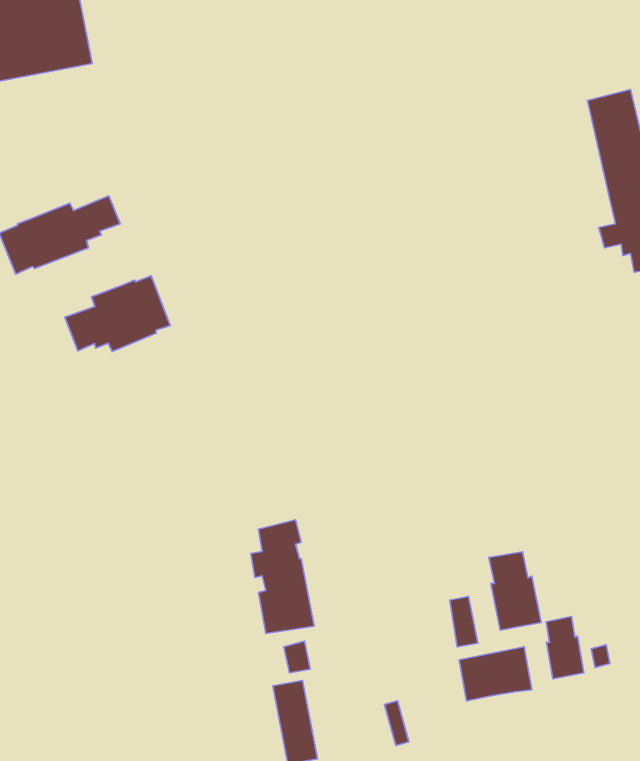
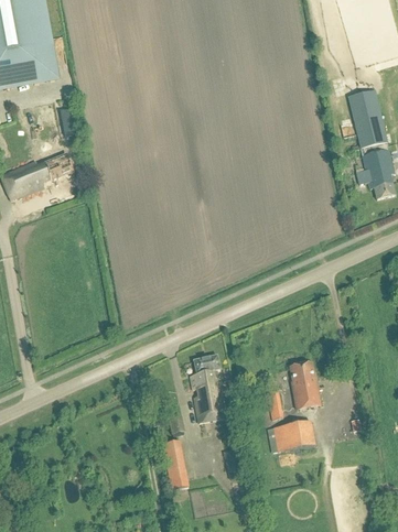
building: [65,276,170,351] -> none
building: [251,520,314,634] -> [190,355,227,422]
building: [546,616,584,679] -> none

